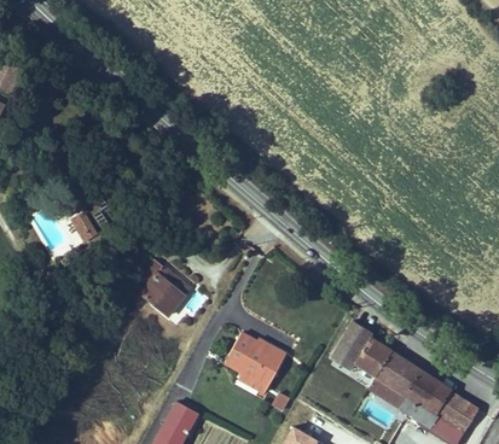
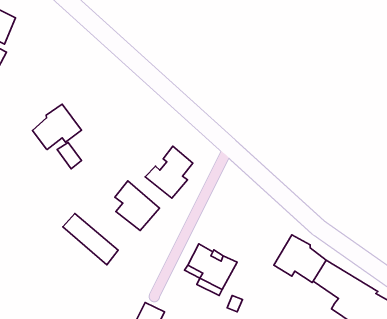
building: none -> [32,104,81,150]
building: none -> [145,146,193,198]
building: none -> [63,213,118,265]

